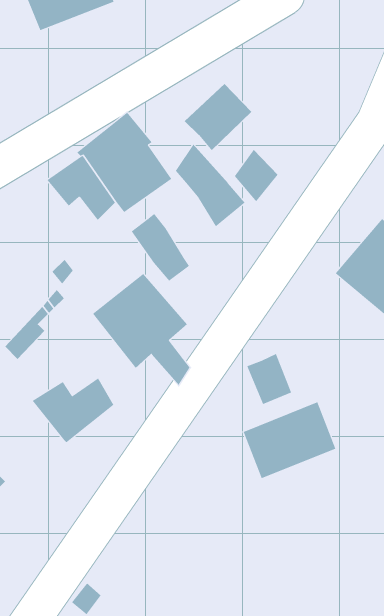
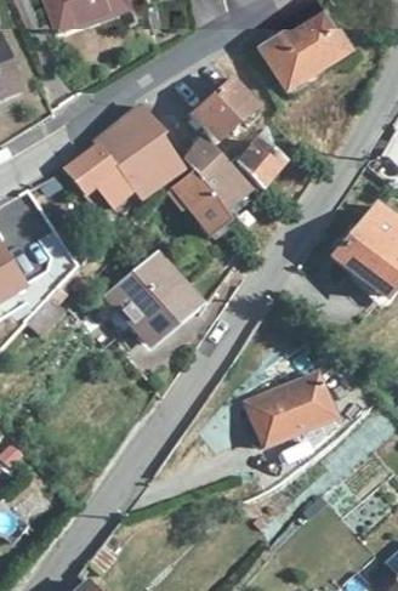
building: none -> [260,10,348,91]
building: [131,213,190,281] -> [174,171,228,234]
building: [247,353,292,405] -> none
building: [32,377,114,443] -> none

